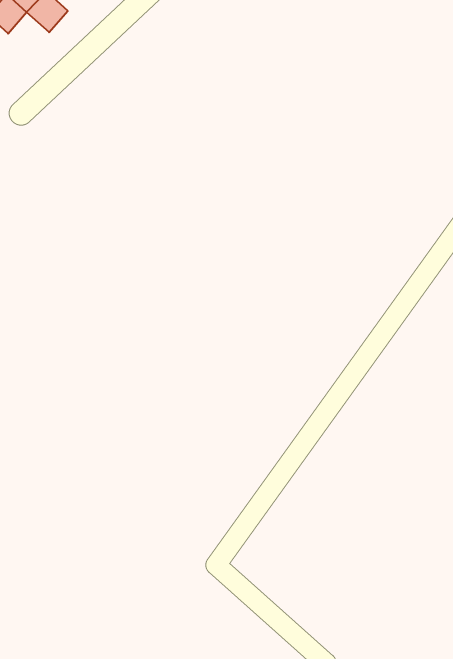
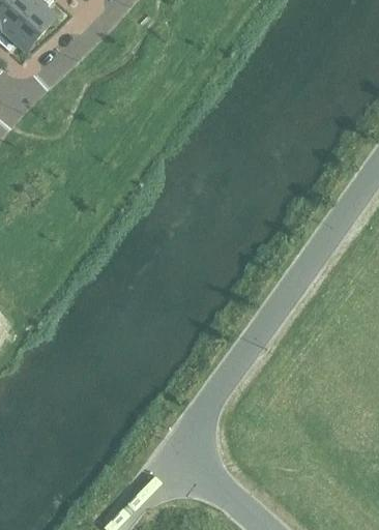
building: none -> [7,19,39,51]

